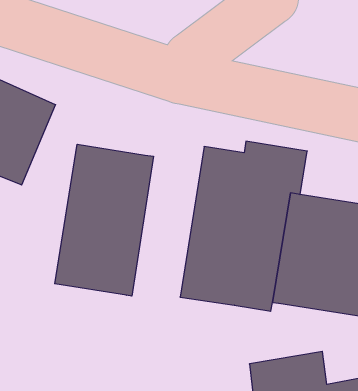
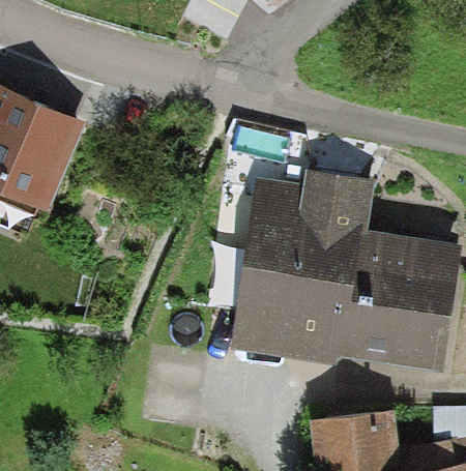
building: [55,144,153,296] -> none

